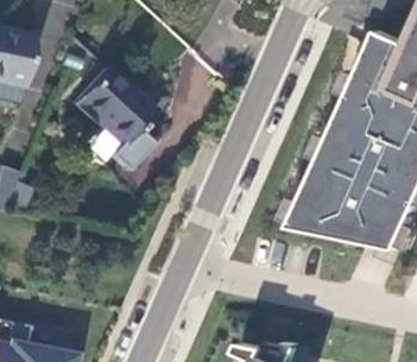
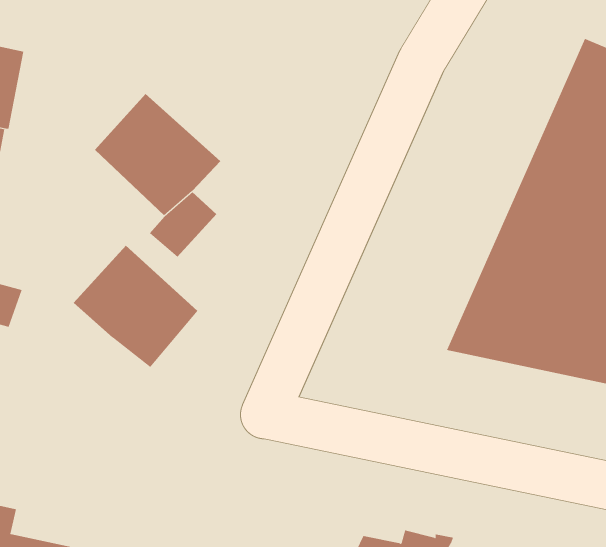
building: none -> [73,245,198,368]

